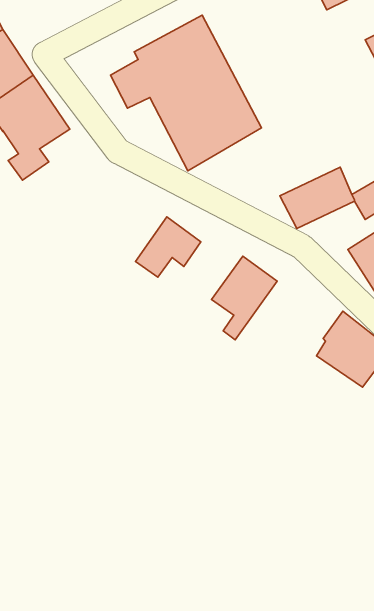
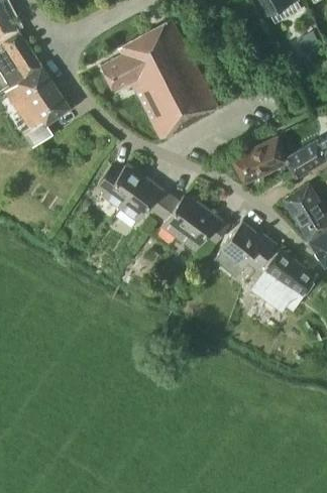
building: none -> [98,164,144,209]
building: none -> [157,194,203,238]
building: none -> [214,221,277,274]

